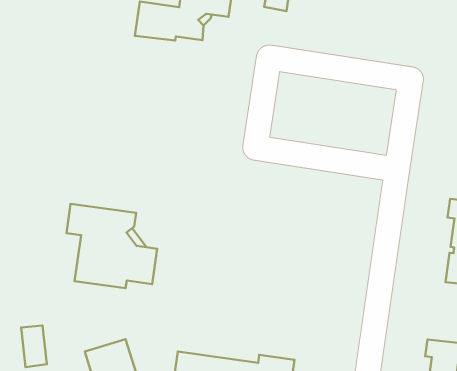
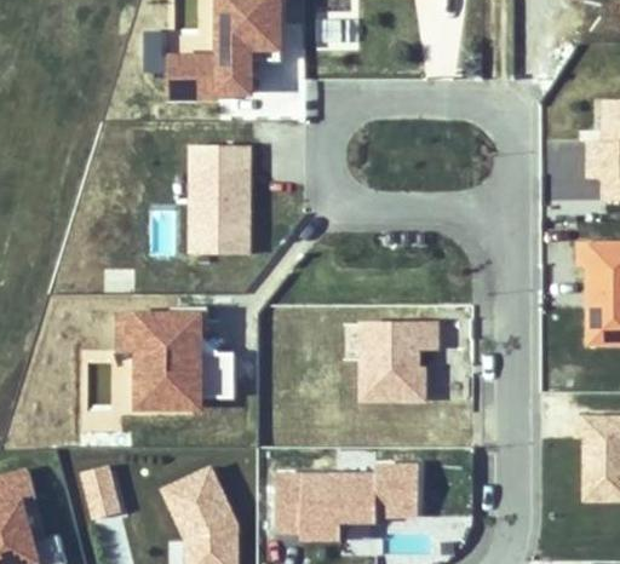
building: none -> [190,145,248,254]
building: none -> [361,323,435,399]

